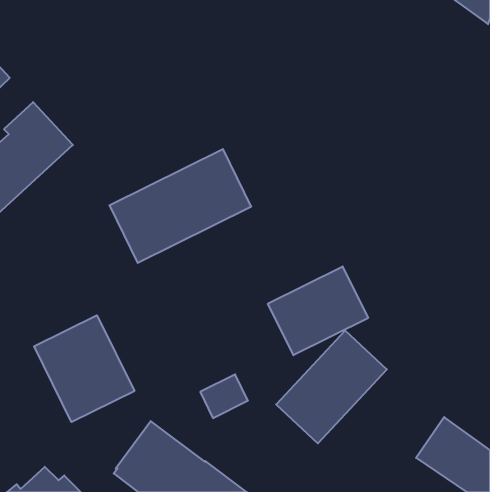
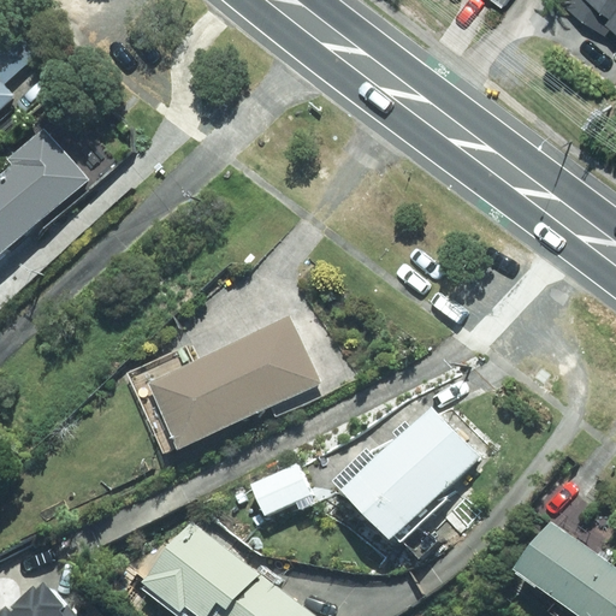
building: [109,149,251,263] -> [144,315,320,456]
building: [268,266,368,355] -> none
building: [34,315,134,422] -> none

